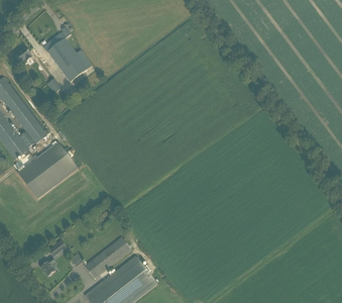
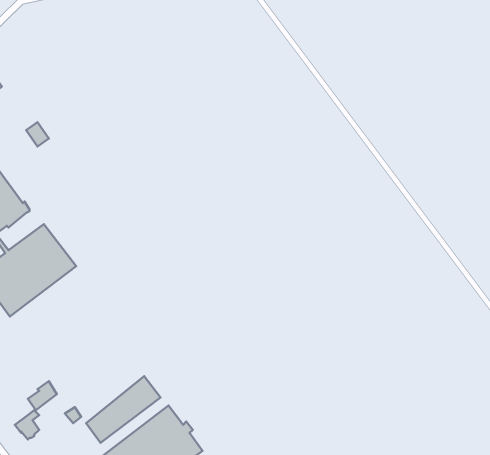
building: [42,26,91,82] -> none

